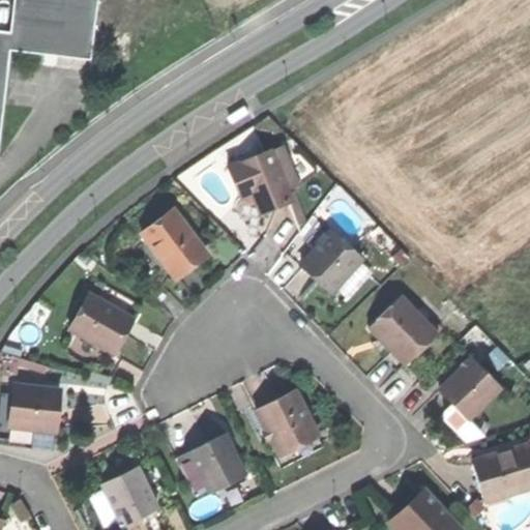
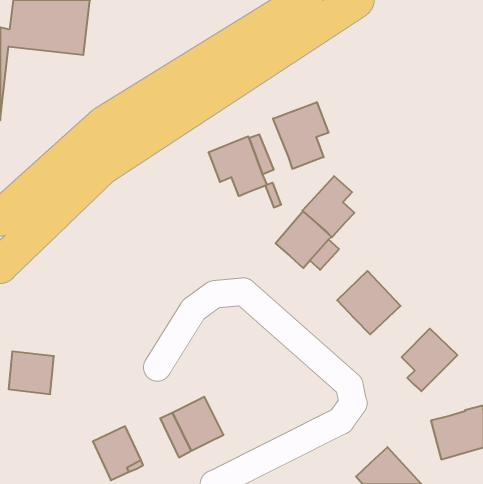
building: none -> [273,102,329,169]
building: none -> [302,176,354,237]
building: [142,209,206,275] -> none
building: [69,293,135,354] -> none
building: [257,391,318,453] -> none

